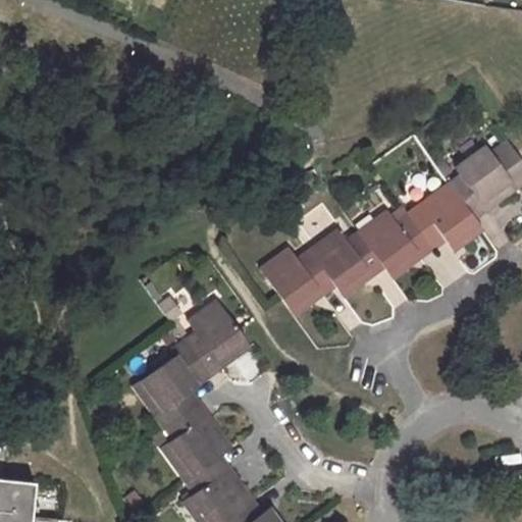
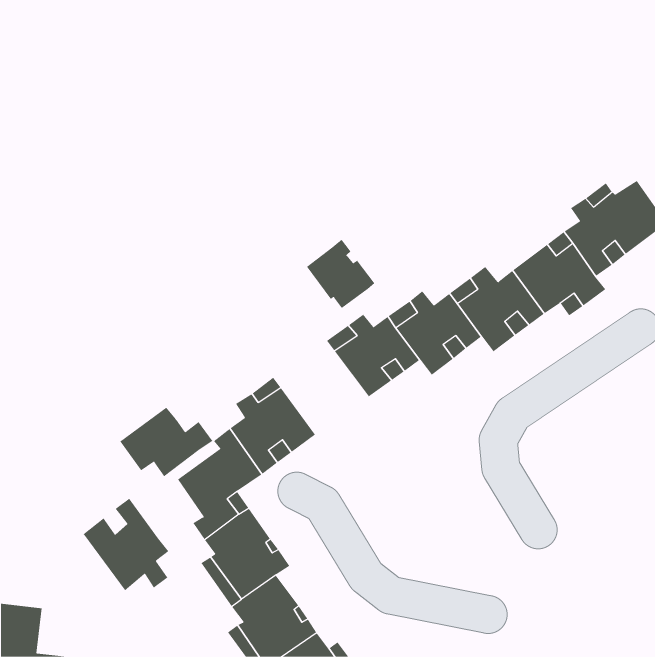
building: none -> [306,239,375,309]
building: none -> [119,407,213,477]
building: none -> [83,498,169,591]

